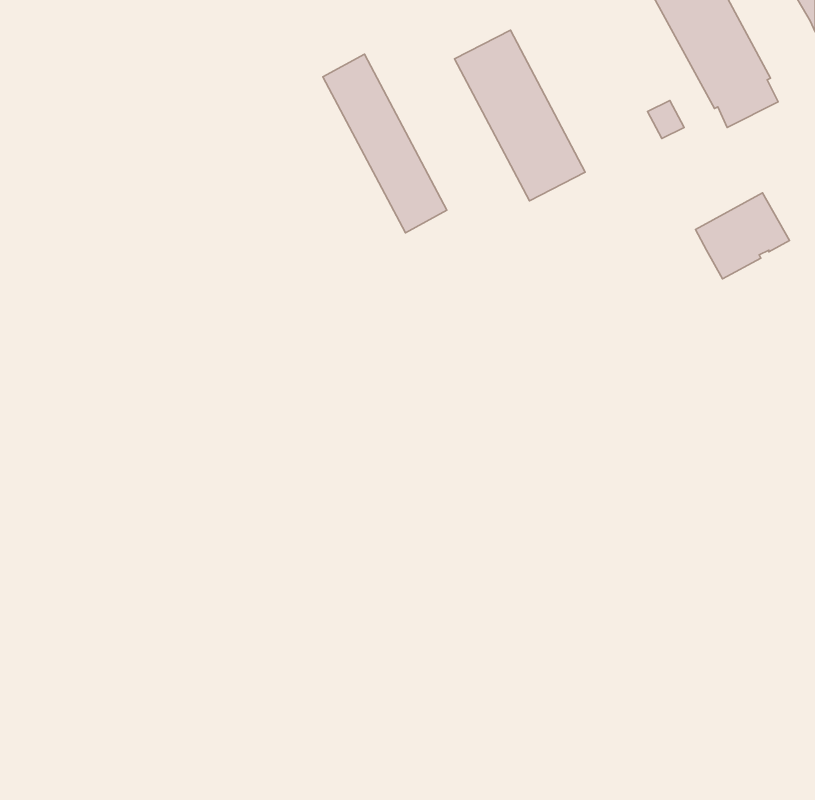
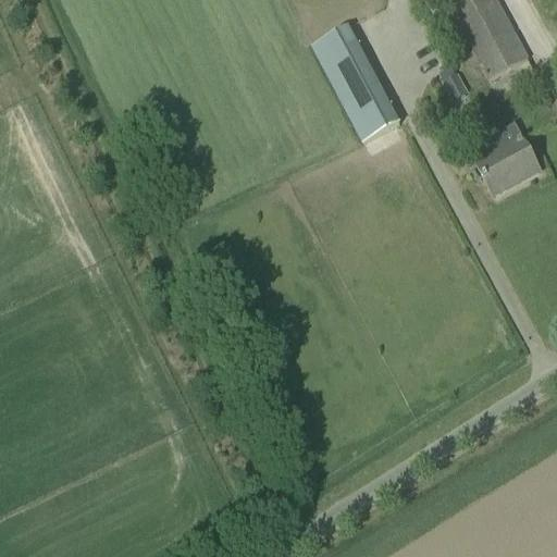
building: [323,54,447,233] -> none

